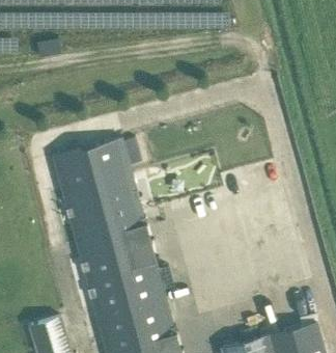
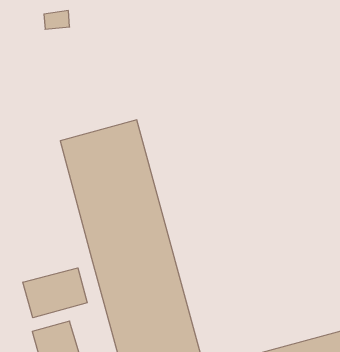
building: none -> [23,268,87,318]

